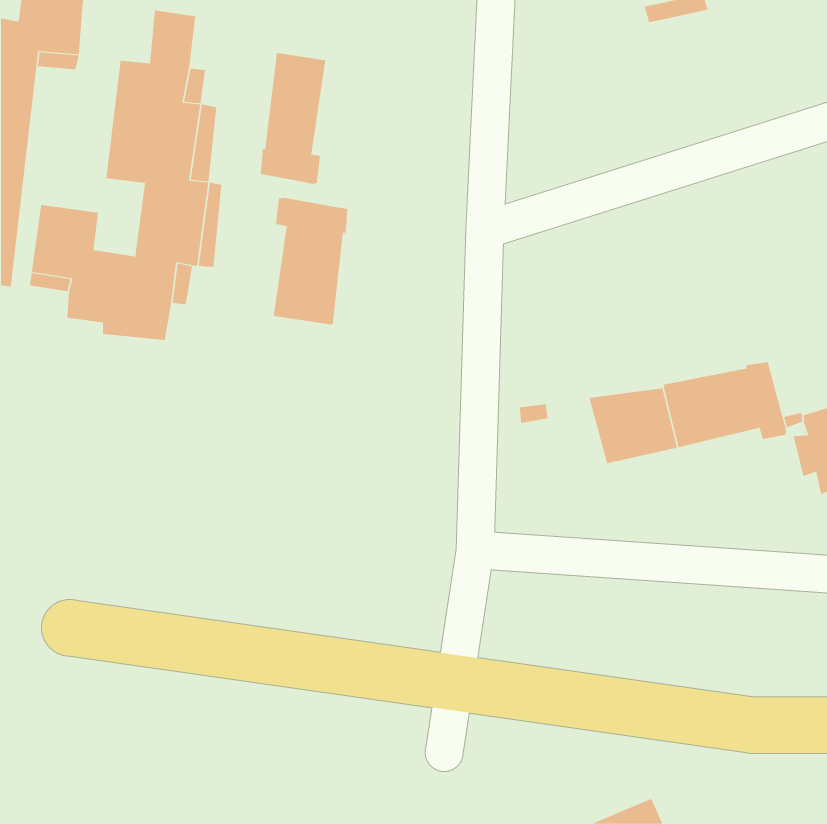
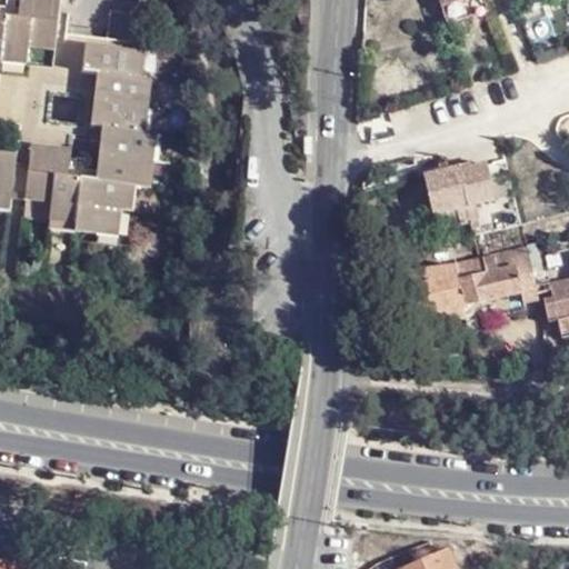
building: [260,52,326,185] -> none
building: [273,197,348,325] -> none
building: none -> [428,164,498,216]

